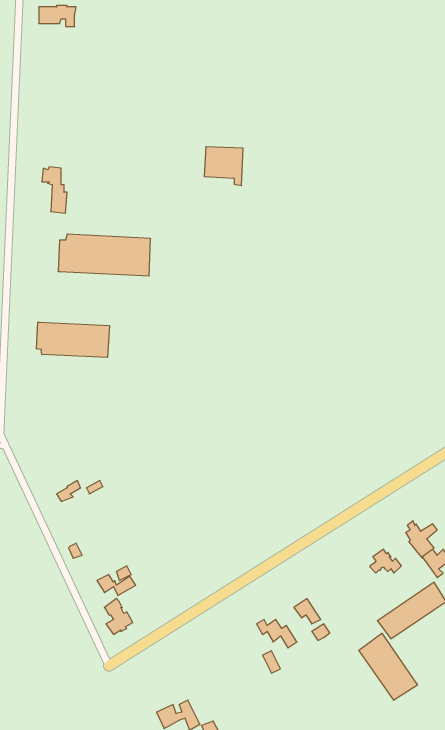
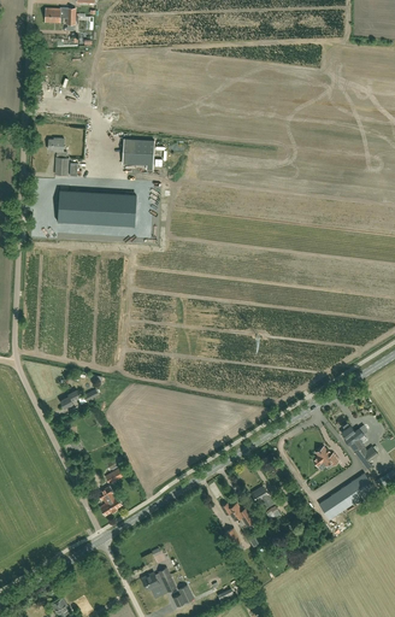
building: [204,147,243,186] -> [123,140,154,171]
building: [37,322,109,357] -> none
building: [359,633,417,700] -> none

